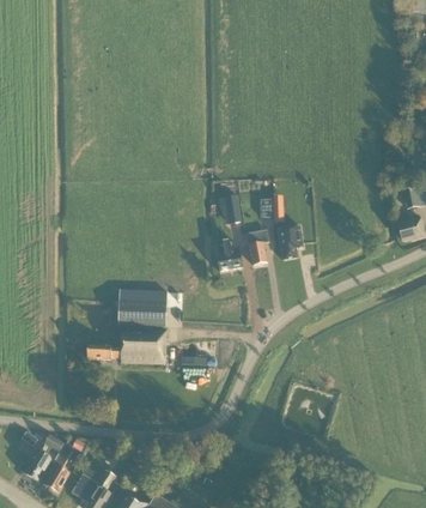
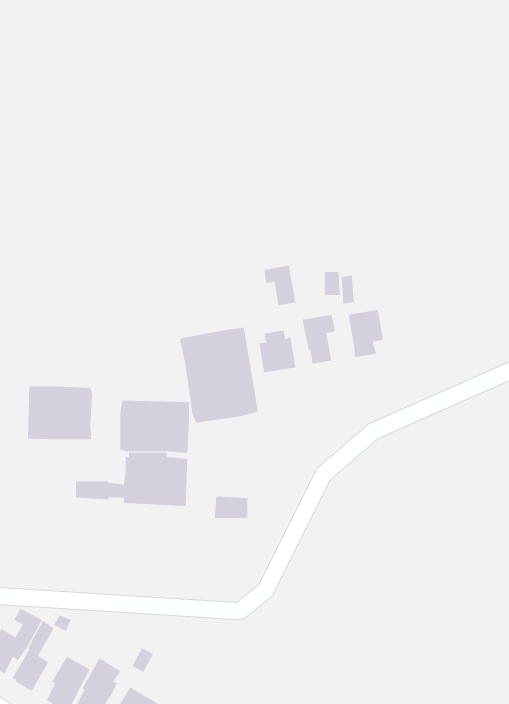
building: none -> [179,327,258,423]
building: none -> [28,385,93,440]

